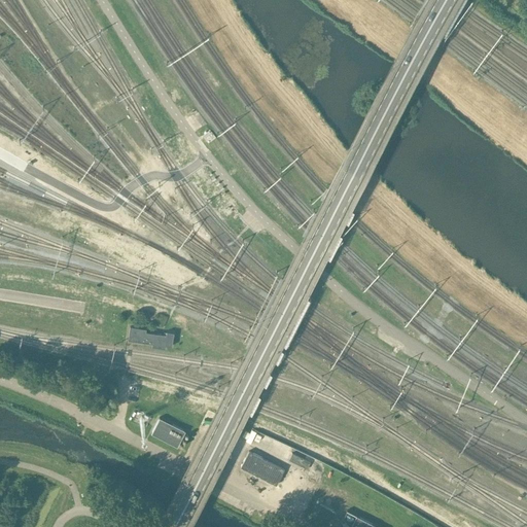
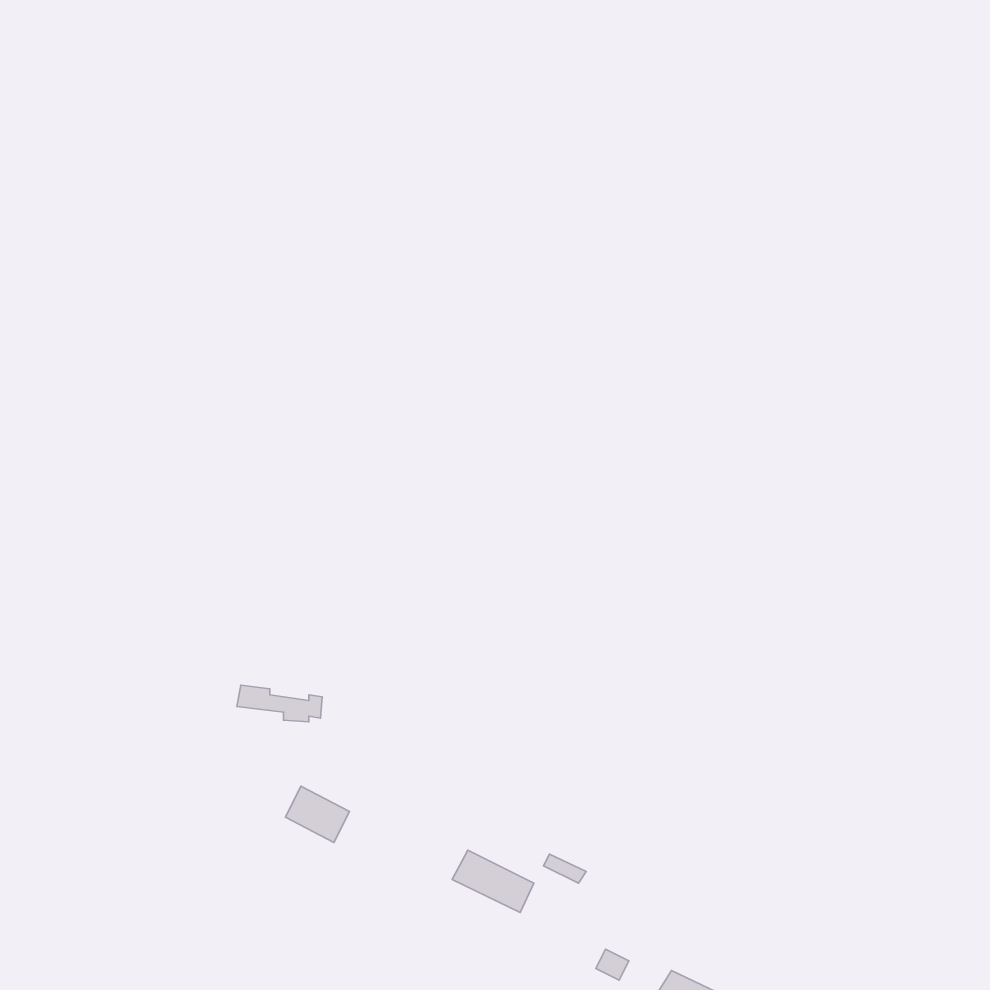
building: [129,328,174,348] -> [237,685,322,722]

